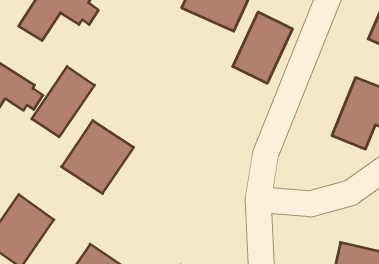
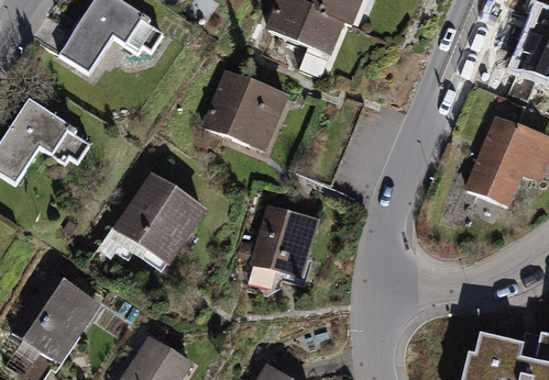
building: [233,12,292,83] -> none
building: none -> [198,66,290,154]
building: [32,66,95,137] -> none
building: none -> [252,204,320,279]

